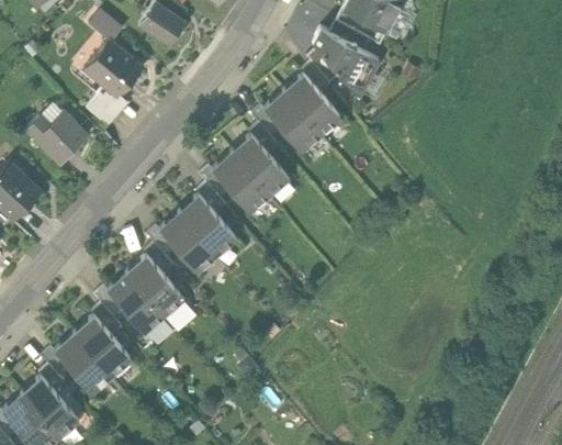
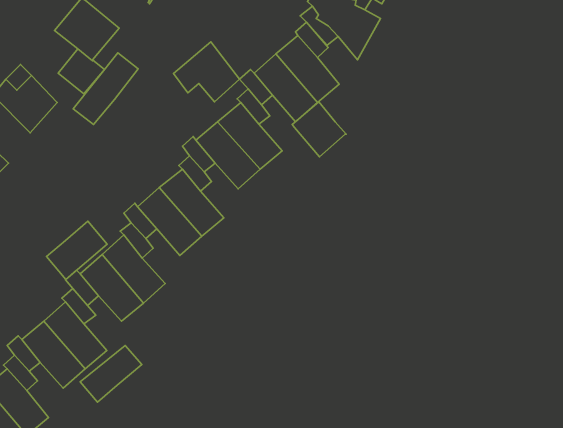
building: none -> [174,42,240,102]
building: none -> [73,53,138,125]
building: none -> [292,102,346,157]
building: none -> [46,221,107,279]
building: none -> [80,345,142,402]

